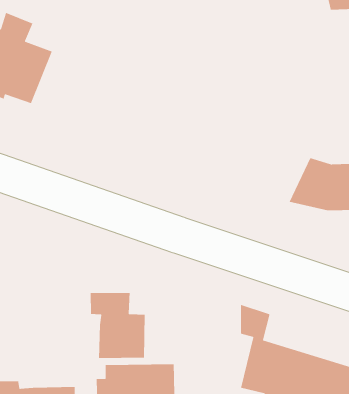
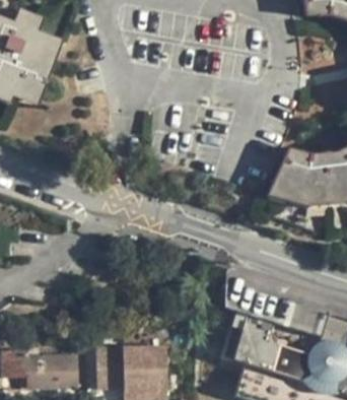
building: [90,292,145,359] -> none

